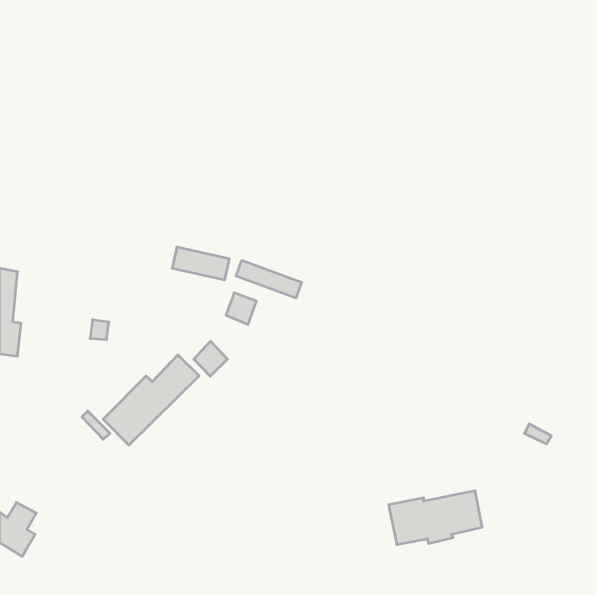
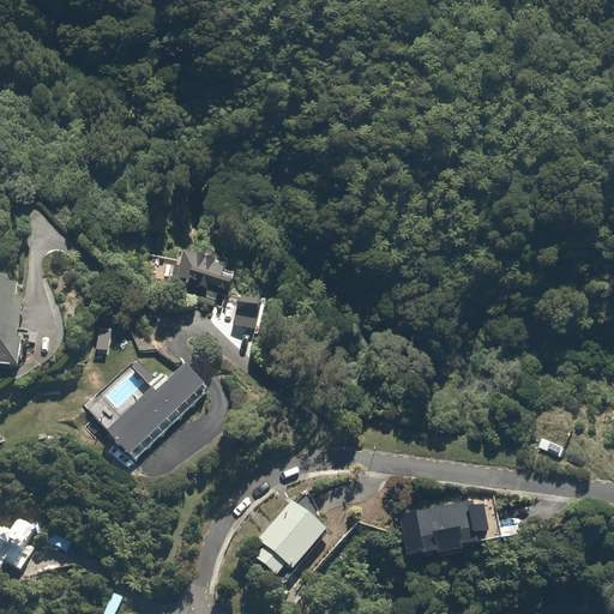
building: [236,260,302,298] -> none
building: [194,341,228,376] -> none
building: none -> [251,495,327,582]

